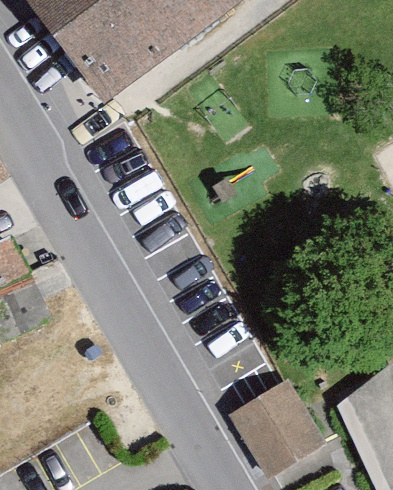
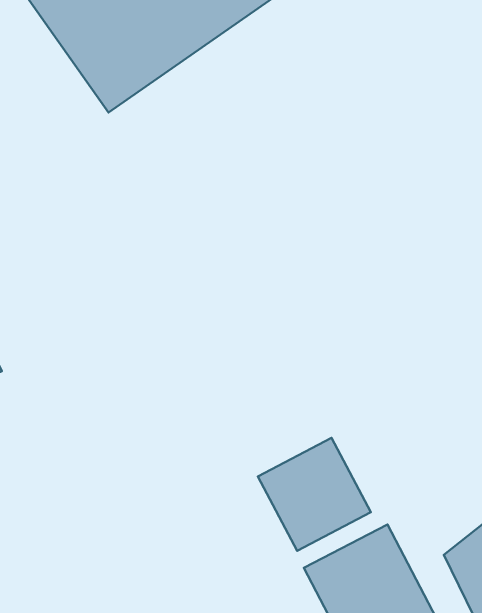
building: none -> [258,438,371,551]

